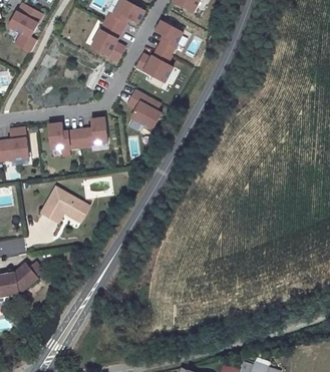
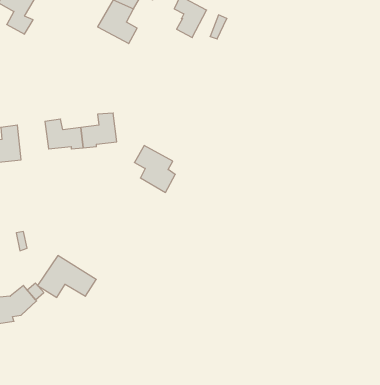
building: [136,48,173,81] -> none
building: [127,90,161,129] -> [134,146,175,192]
building: [37,193,86,228] -> [38,256,96,297]

